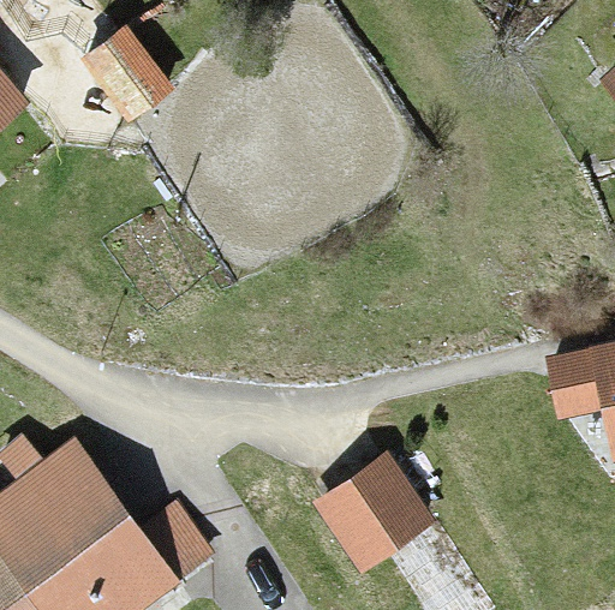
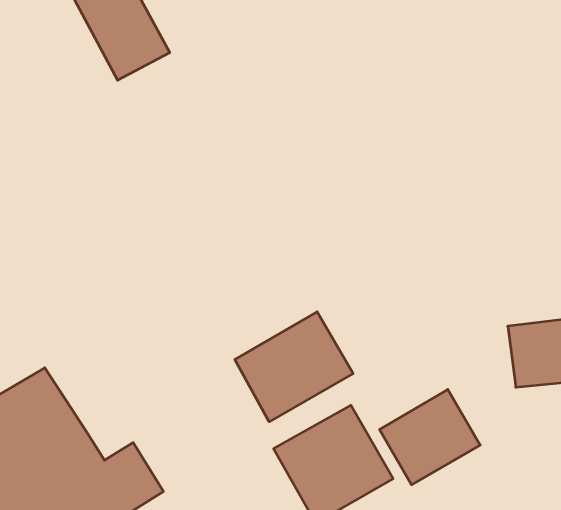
building: none -> [235,312,353,422]
building: none -> [380,389,480,485]

